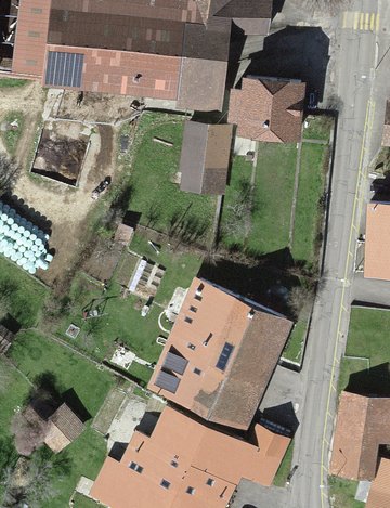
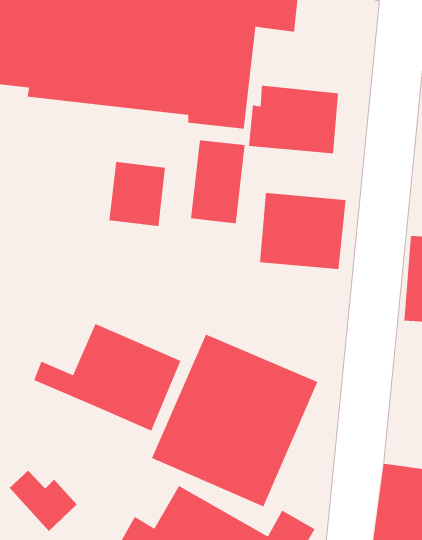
building: none -> [109,161,166,227]
building: none -> [259,192,346,270]
building: none -> [34,323,181,432]

